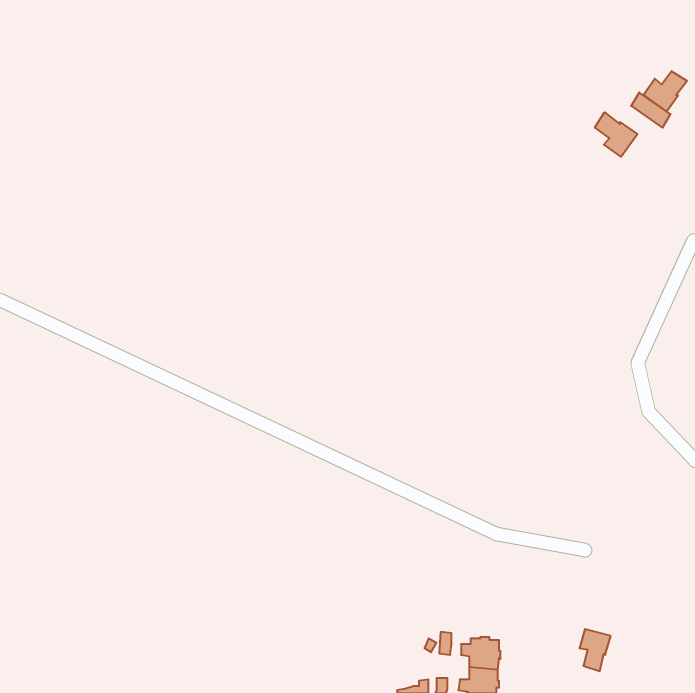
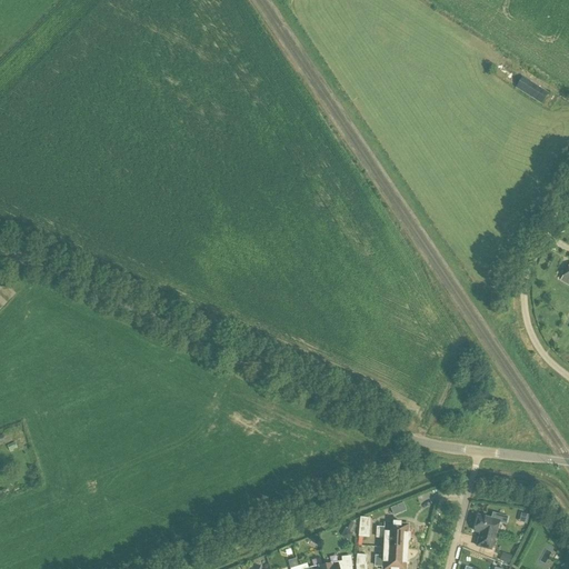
building: [644,71,687,112] -> none
building: [595,112,637,157] -> none

